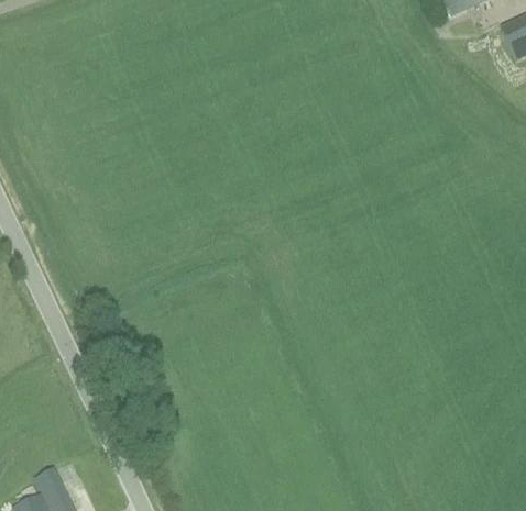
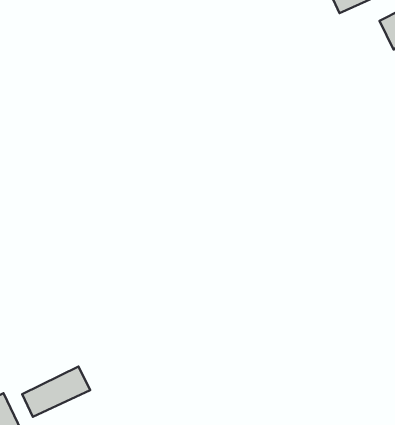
building: none -> [22,366,90,417]

